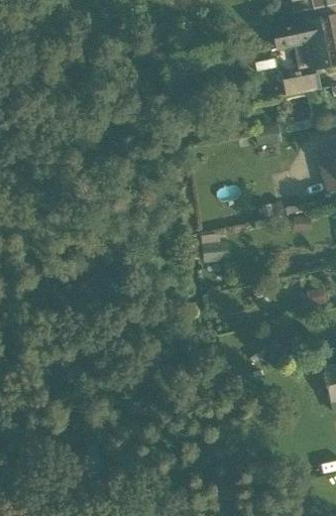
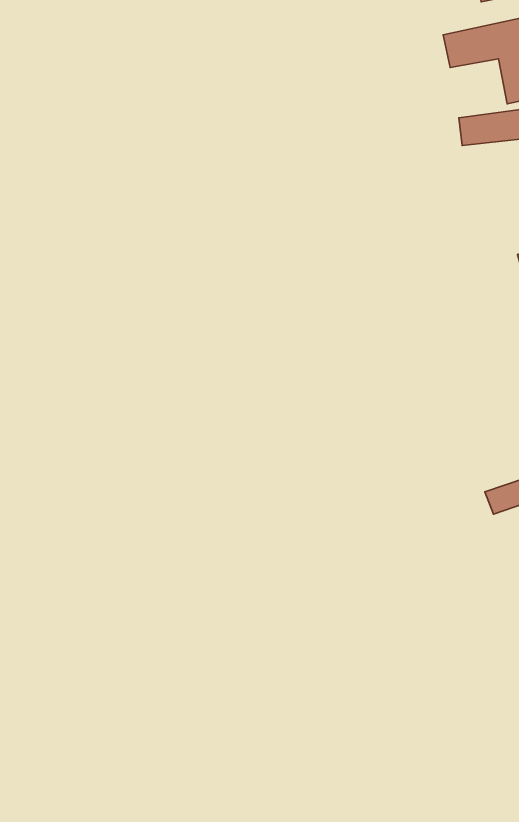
building: [204,233,230,263] -> none

